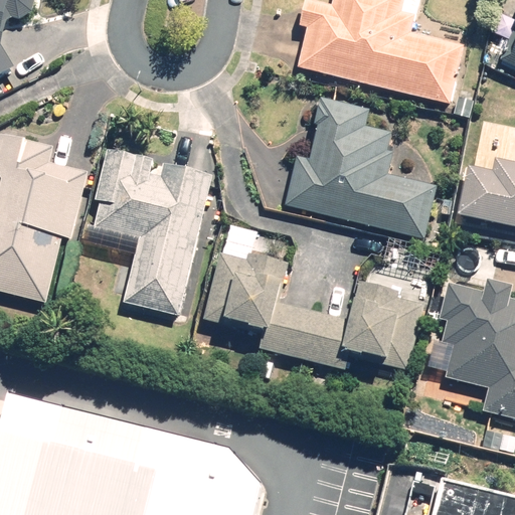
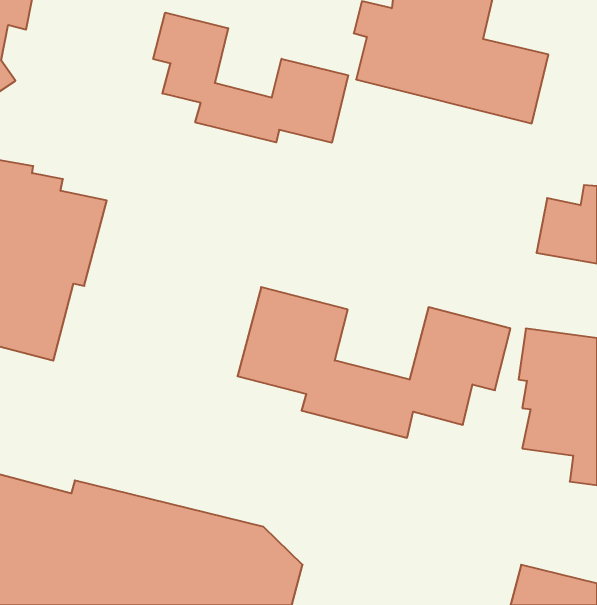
building: none -> [153,13,348,143]
building: [283,98,435,237] -> none
building: [88,149,212,321] -> none

